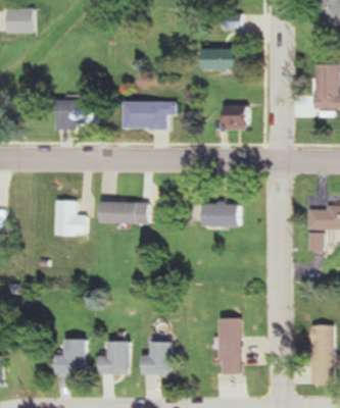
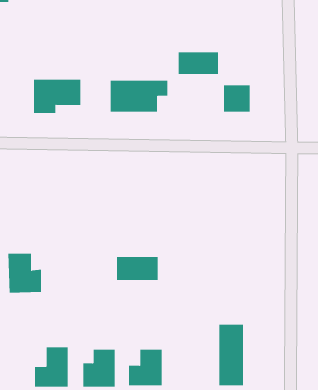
building: [200,48,237,68] -> [178,52,219,75]
building: [55,199,86,235] -> [8,253,42,293]
building: [100,201,138,222] -> [116,256,158,280]
building: [201,203,240,225] -> none

